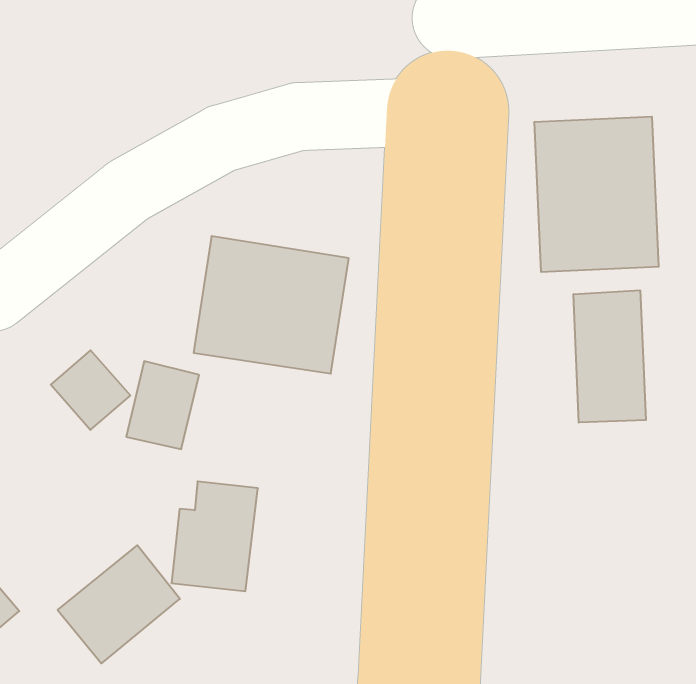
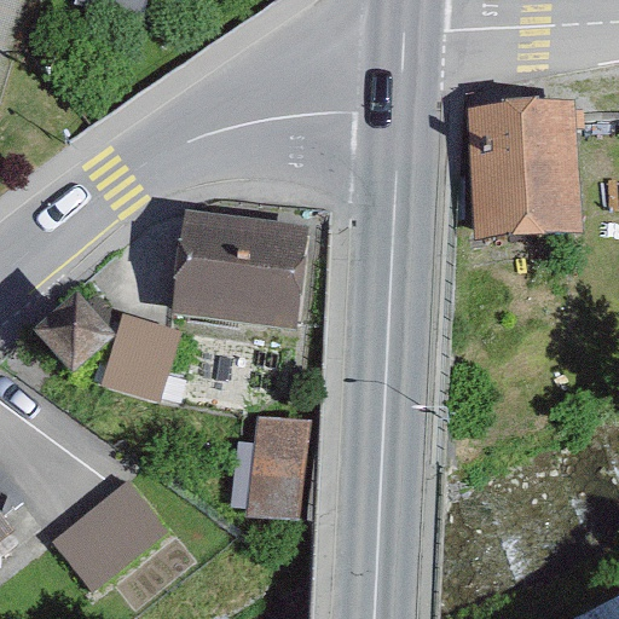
building: [574,290,646,423] -> none
building: [171,481,258,591] -> [228,413,305,510]

